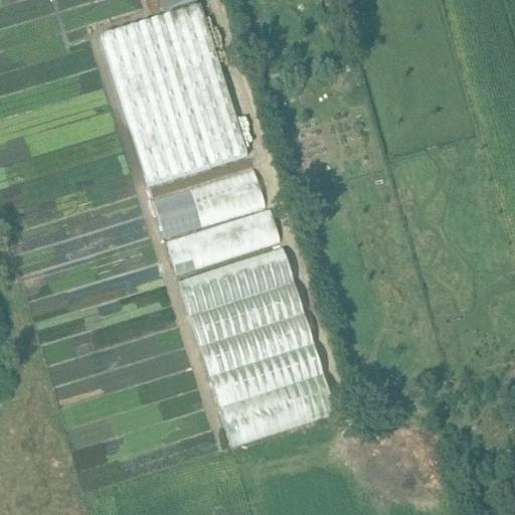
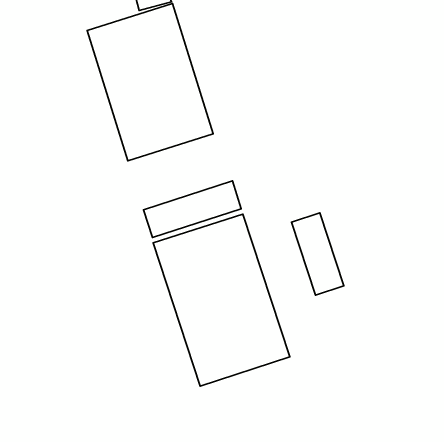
building: [154,168,266,236] -> none
building: none -> [292,213,344,295]

